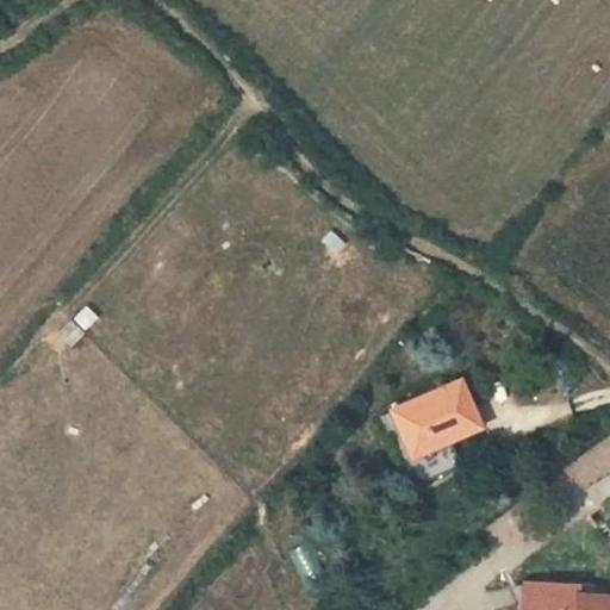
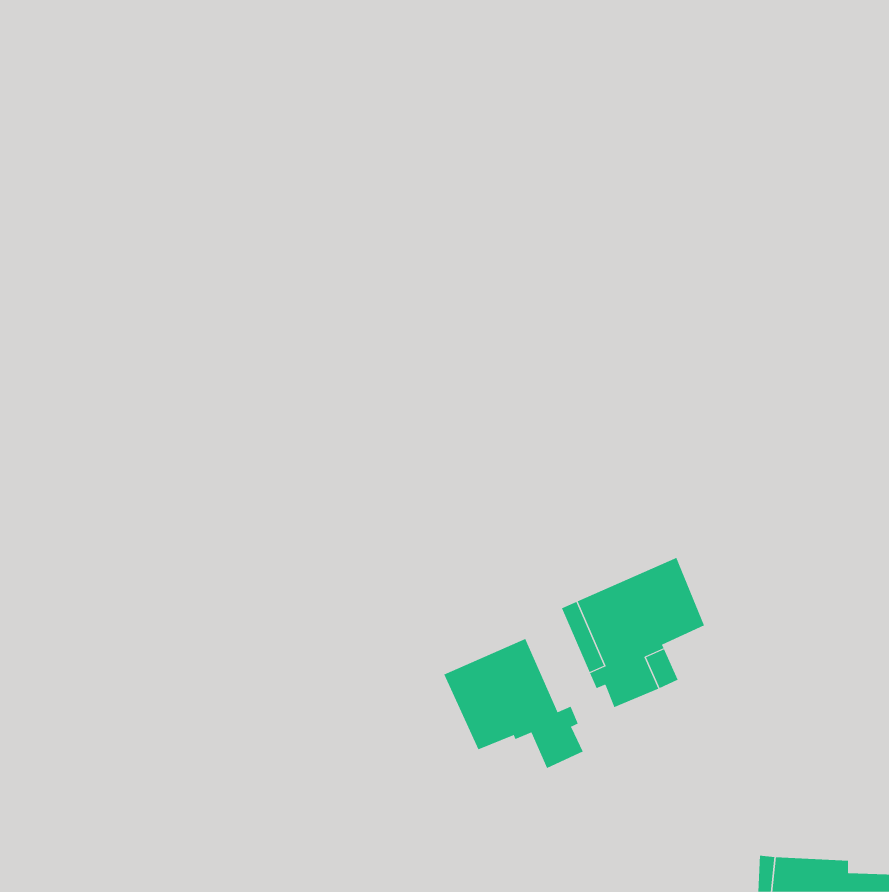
building: none -> [443,638,584,769]

